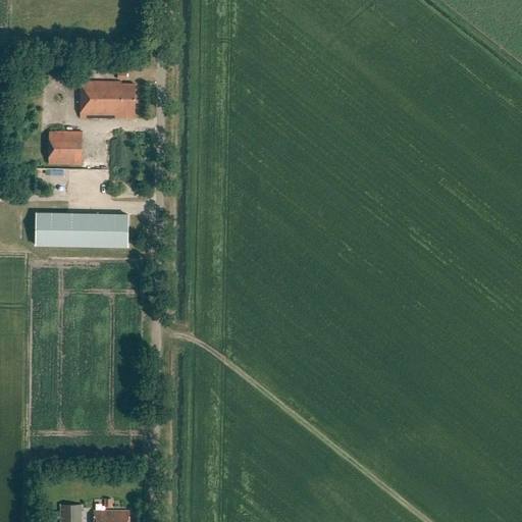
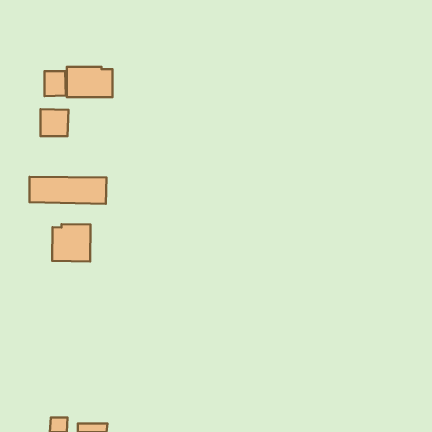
building: none -> [45,71,66,96]
building: none -> [52,224,91,261]

